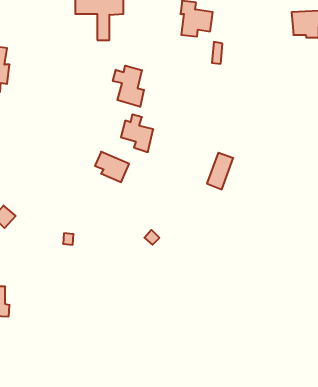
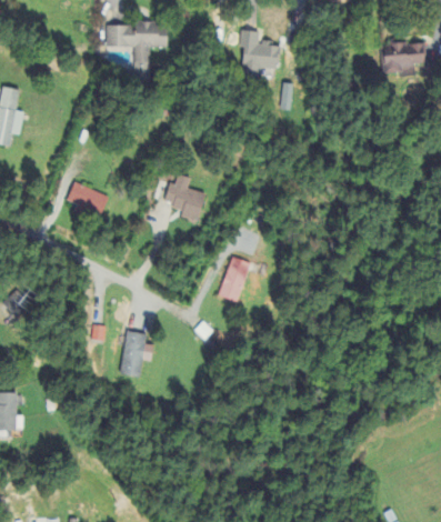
building: [113,66,144,107] -> none
building: [95,152,129,182] -> [67,181,110,220]
building: [207,153,233,189] -> [218,255,251,302]
building: none -> [121,331,153,375]

